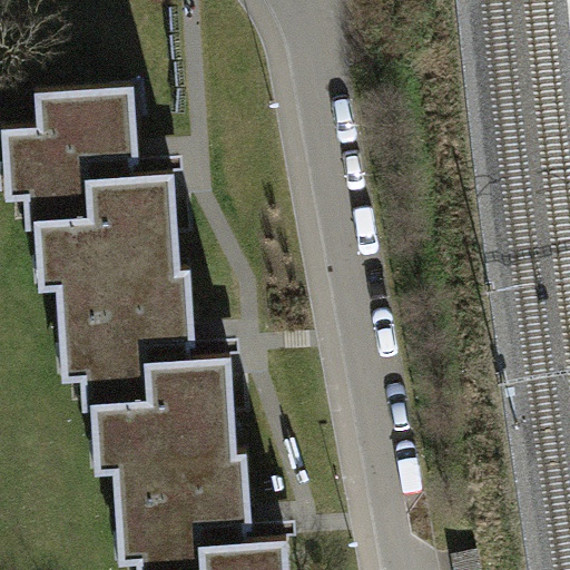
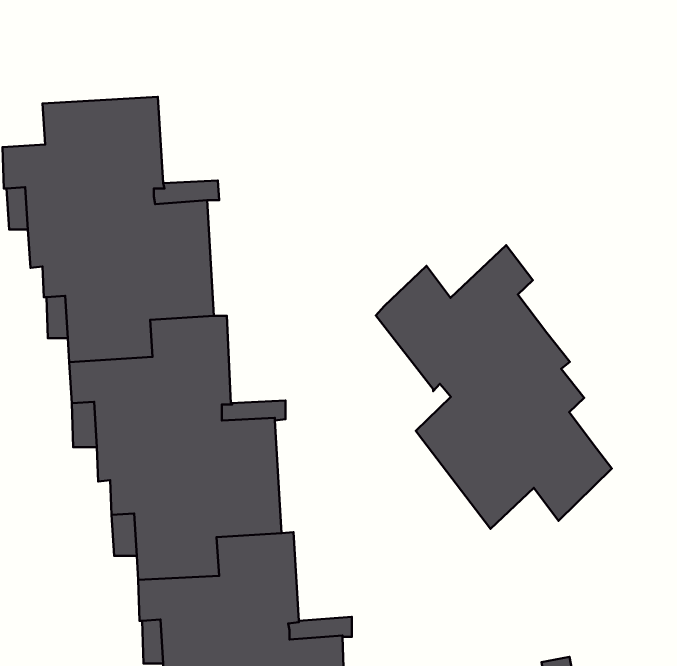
building: none -> [376,245,612,529]

